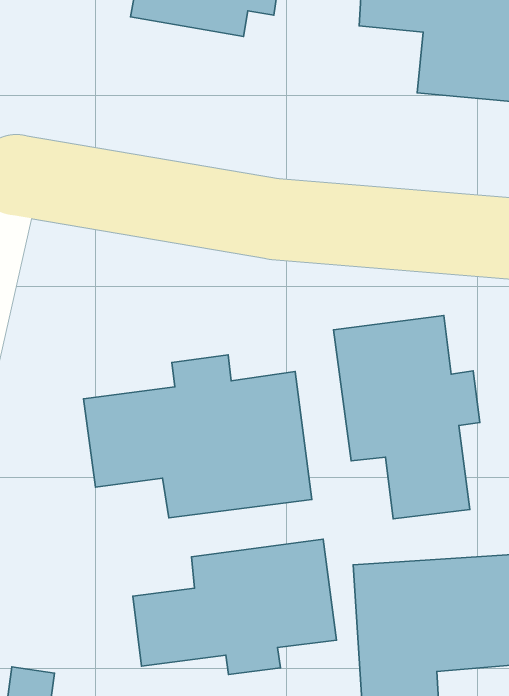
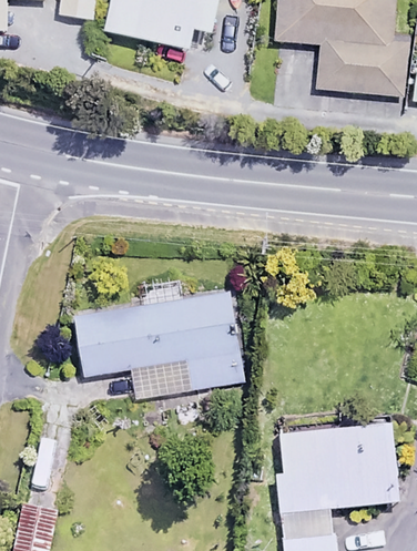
building: [334,315,480,519] -> none
building: [133,539,336,674] -> none

